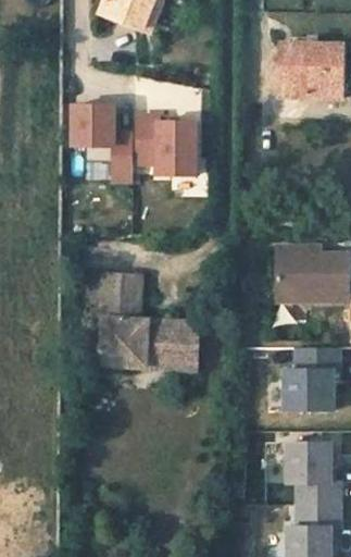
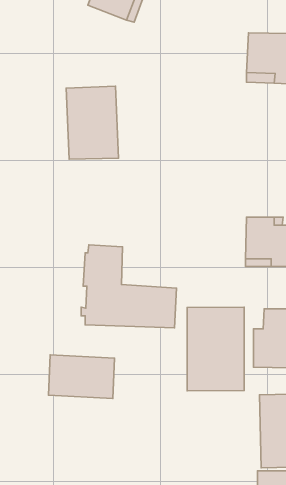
building: [137,116,206,177] -> none
building: none -> [187,307,244,391]
building: none -> [48,355,115,399]

